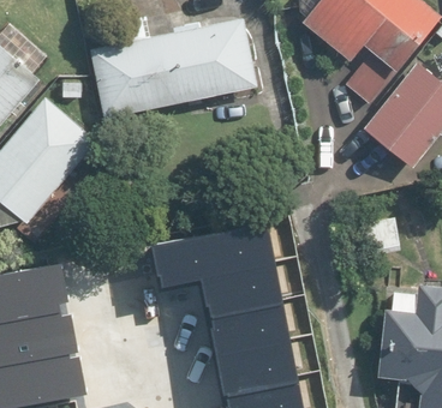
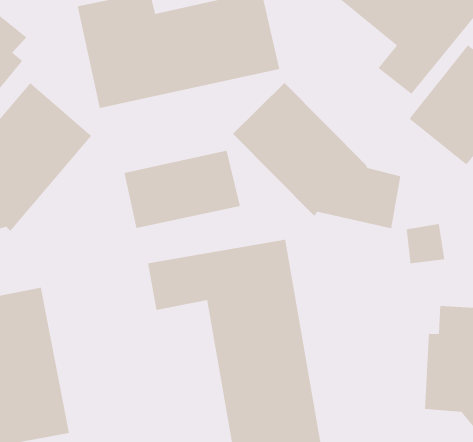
building: none -> [232,82,401,229]
building: none -> [123,150,241,229]

